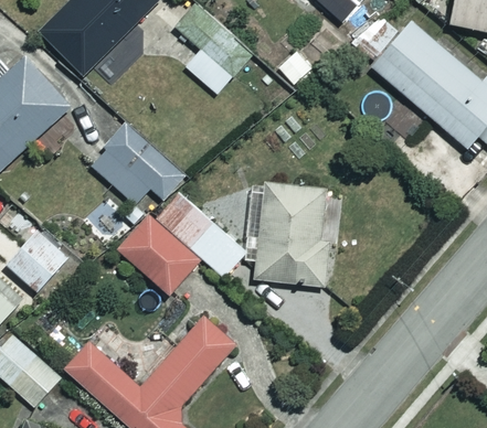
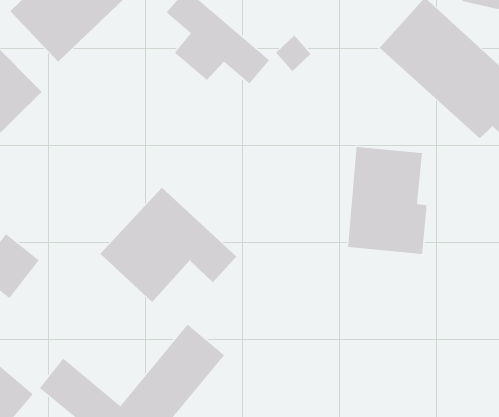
building: [89,121,188,222] -> none
building: [255,188,328,286] -> [347,146,428,255]

